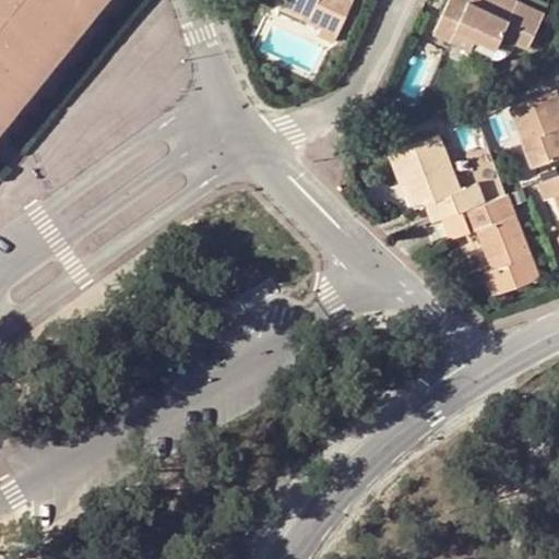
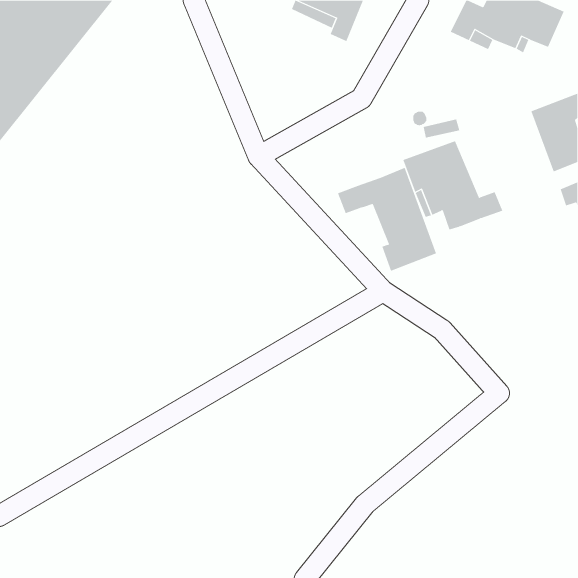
building: [443,194,539,295] -> [337,167,437,271]

